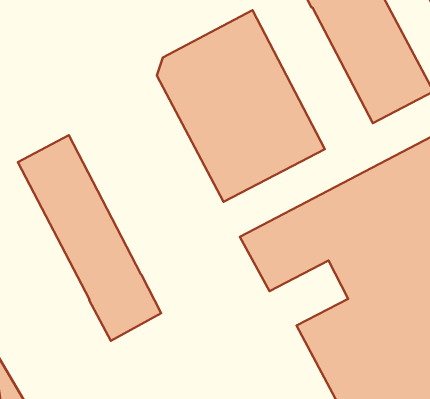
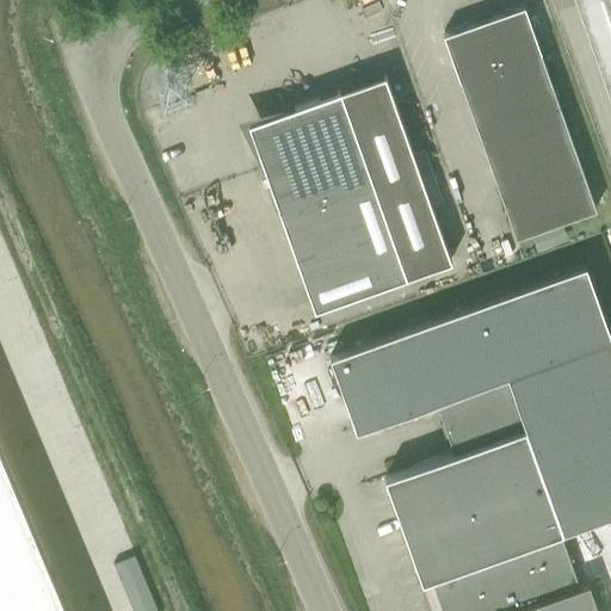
building: [18,135,161,341] -> none

